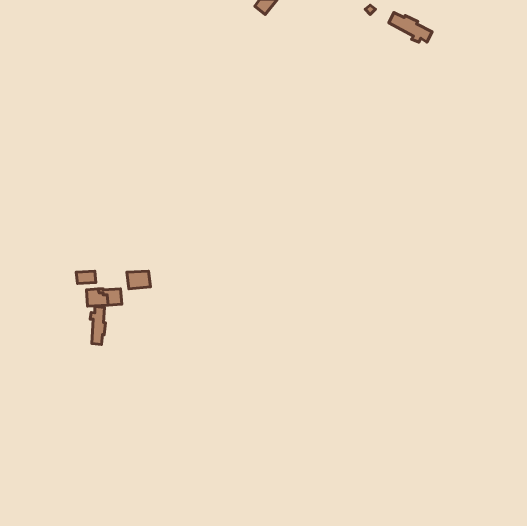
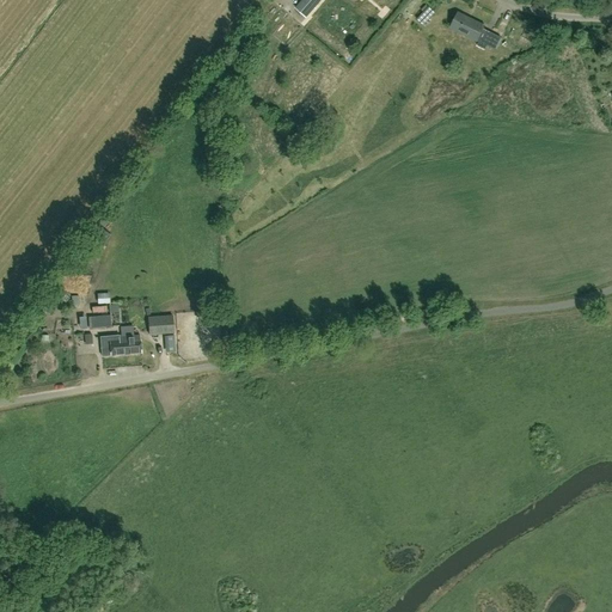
building: [90,307,105,344] -> none

